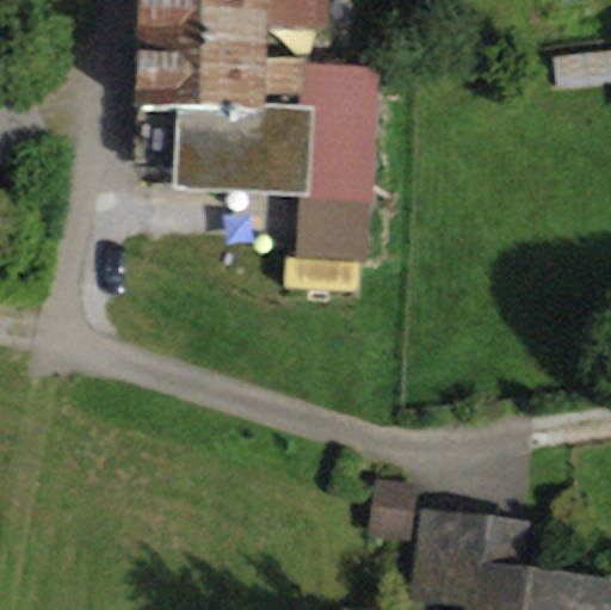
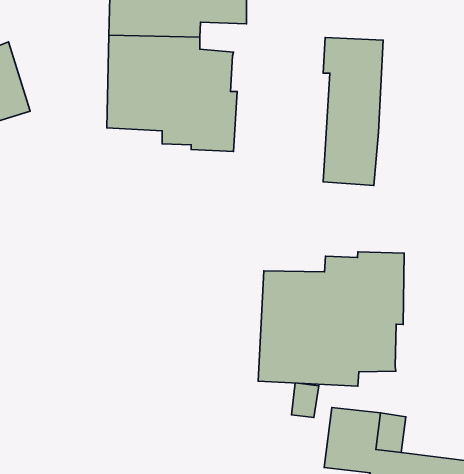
building: [296,72,372,260] -> [323,37,383,186]
building: none -> [258,252,404,386]

